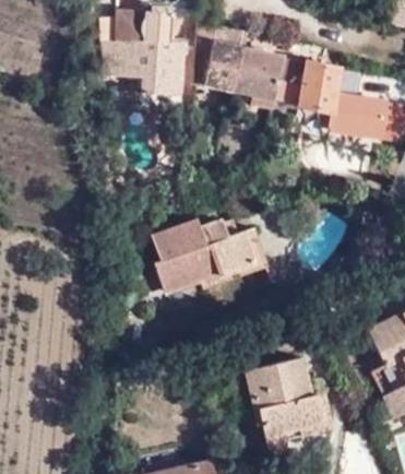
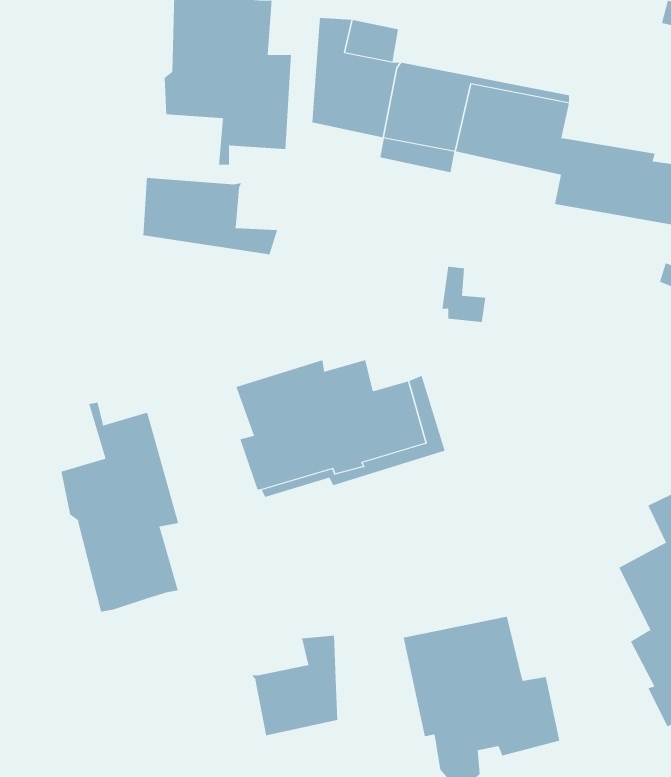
building: none -> [143,177,278,255]
building: none -> [61,402,179,612]
building: none -> [251,635,338,736]

